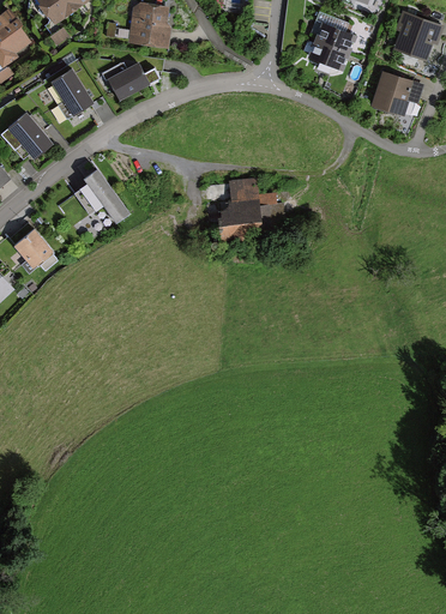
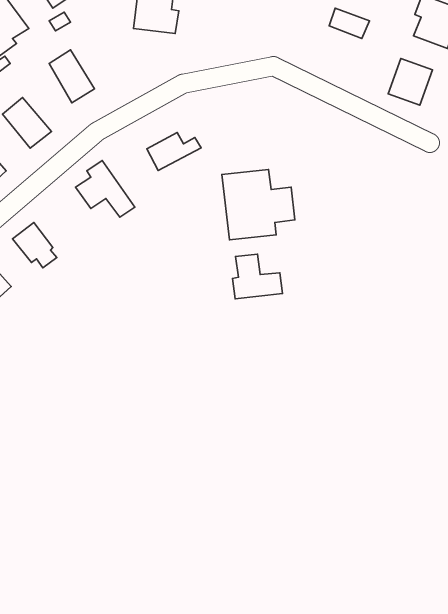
building: [309,40,346,68] -> none
building: [107,60,158,96] -> [147,133,201,170]
building: none -> [232,254,283,299]

